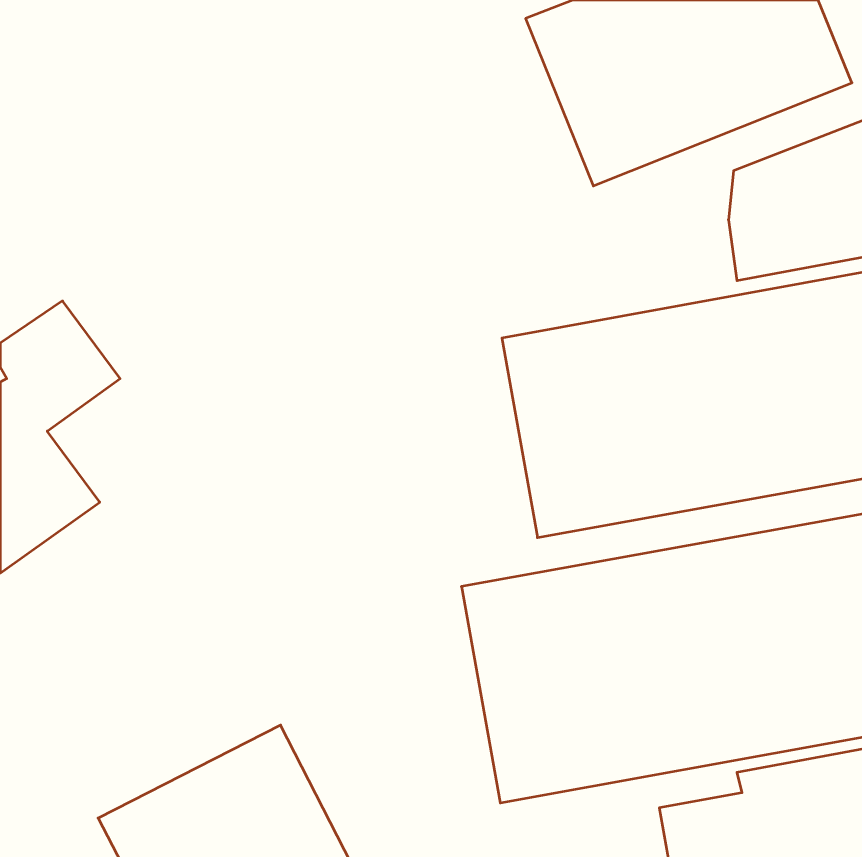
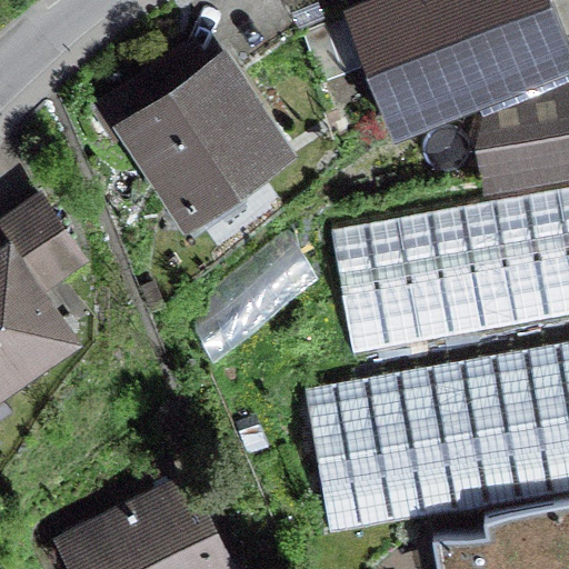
building: none -> [99,62,281,208]

